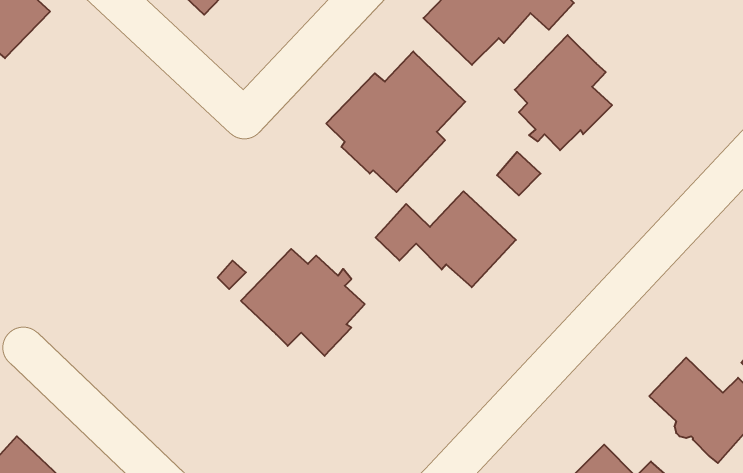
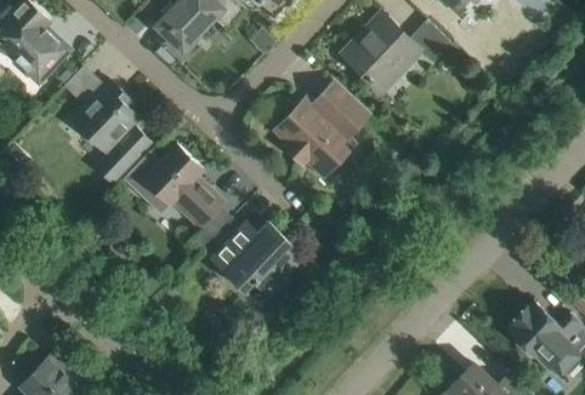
building: [515,35,612,150] -> none
building: none -> [70,80,152,184]
building: none -> [121,144,223,228]
building: [376,191,516,287] -> none

